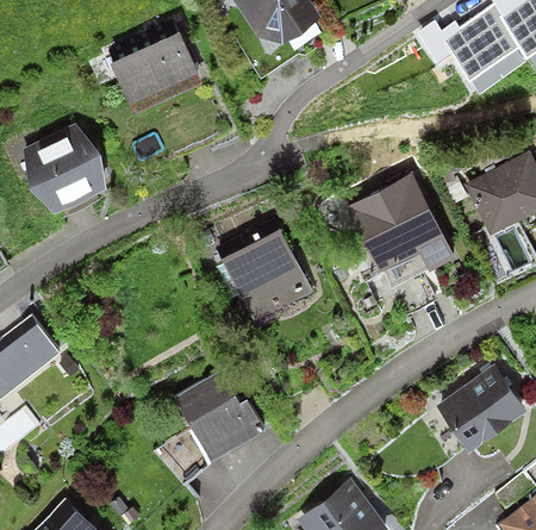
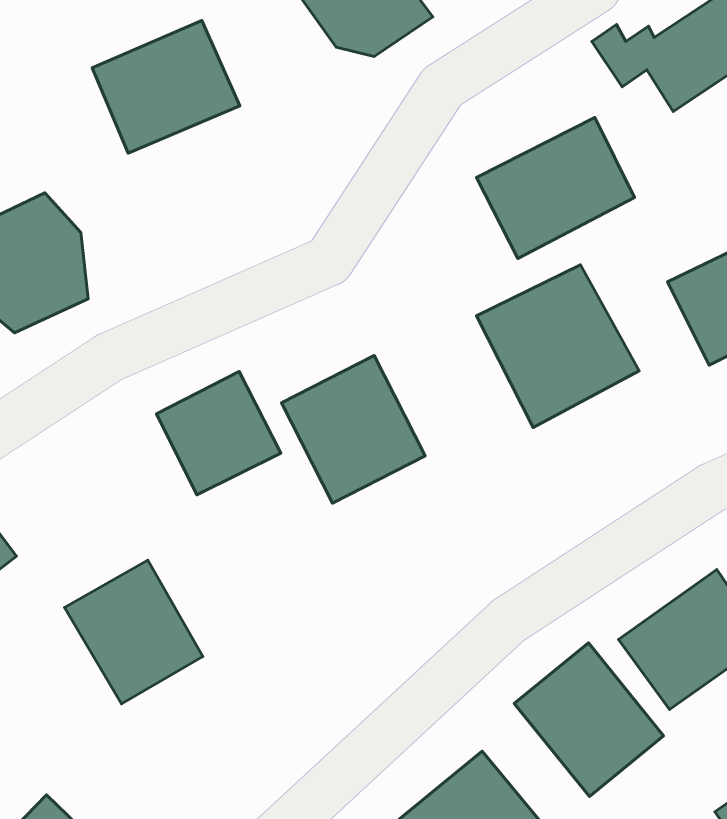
building: none -> [477,117,635,259]
building: none -> [157,372,281,495]
building: [174,372,261,462] -> [65,560,203,704]
building: none -> [514,643,664,797]

